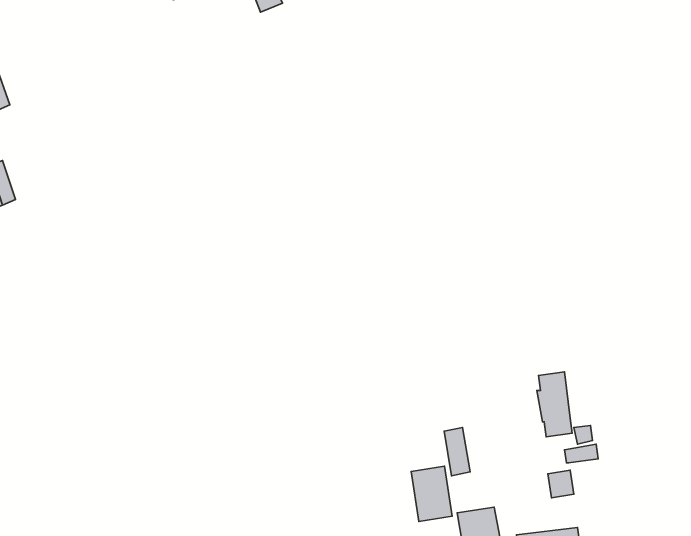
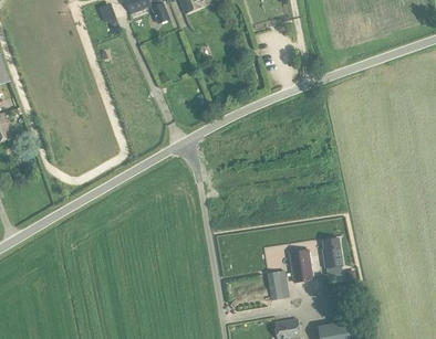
building: [411,466,452,522] -> [288,248,312,282]

